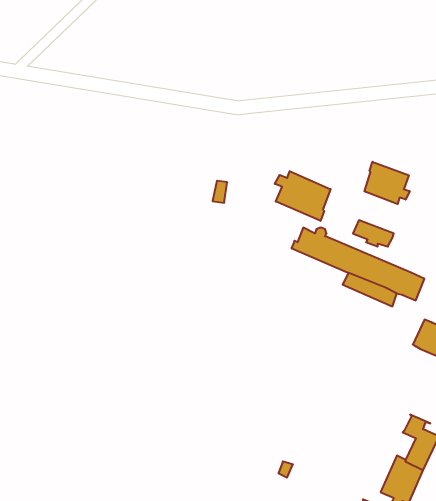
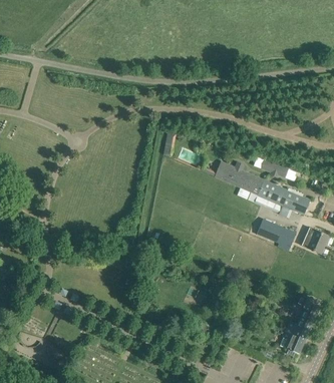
building: [364,162,410,204] -> none
building: [275,171,331,221] -> none
building: none -> [257,219,296,249]

